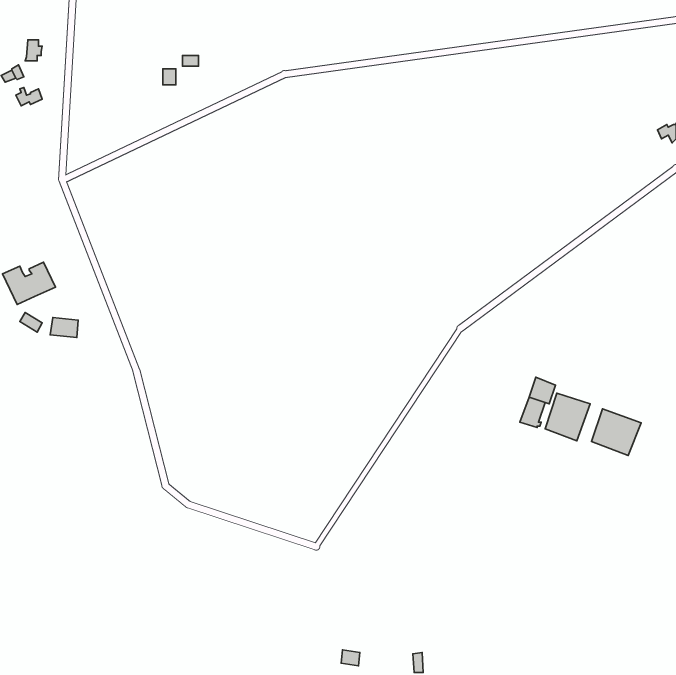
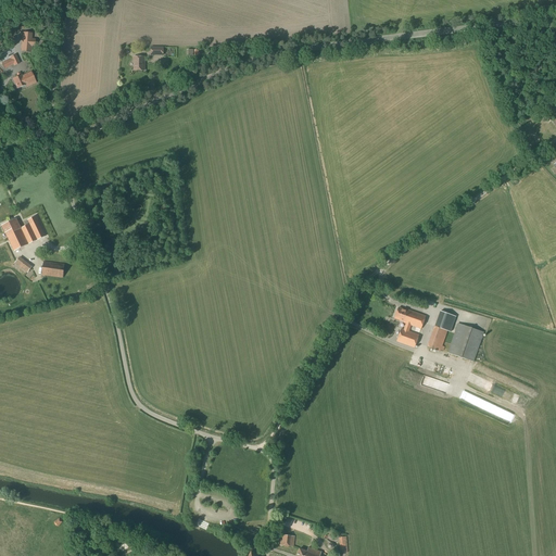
building: none -> [395,307,426,348]
building: [591,409,641,456] -> none

